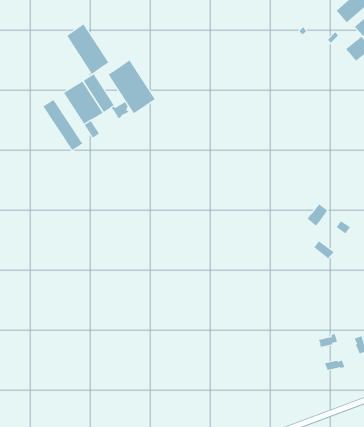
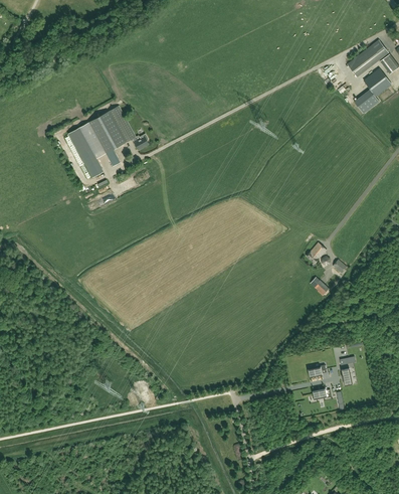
building: [66,24,109,75] -> none
building: [108,60,155,114] -> none

